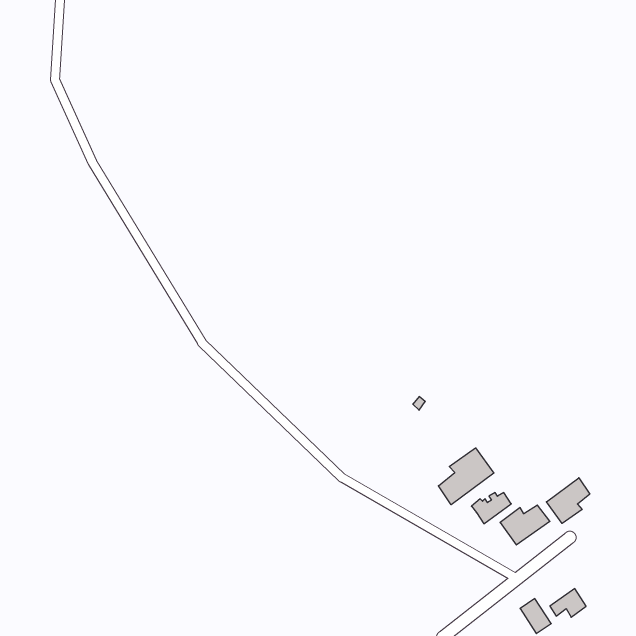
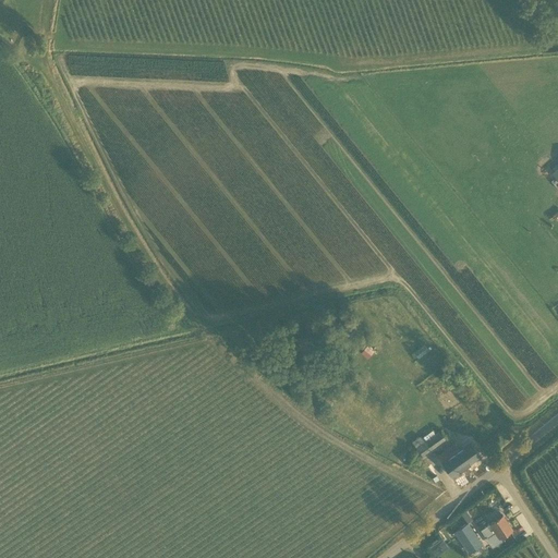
building: [438,448,494,505] -> none
building: [546,478,590,523] -> none

